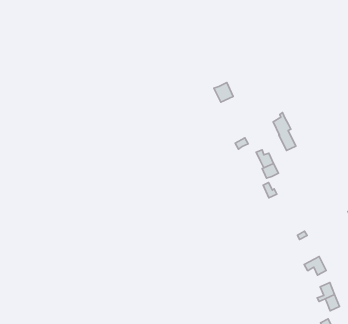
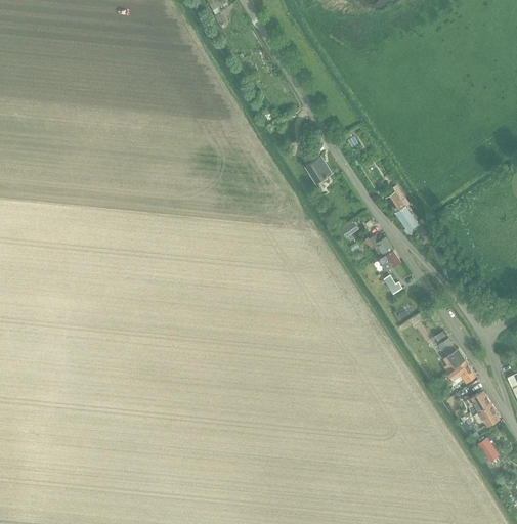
building: none -> [438,339,465,373]

